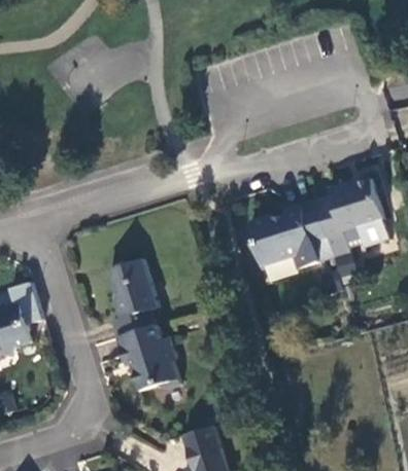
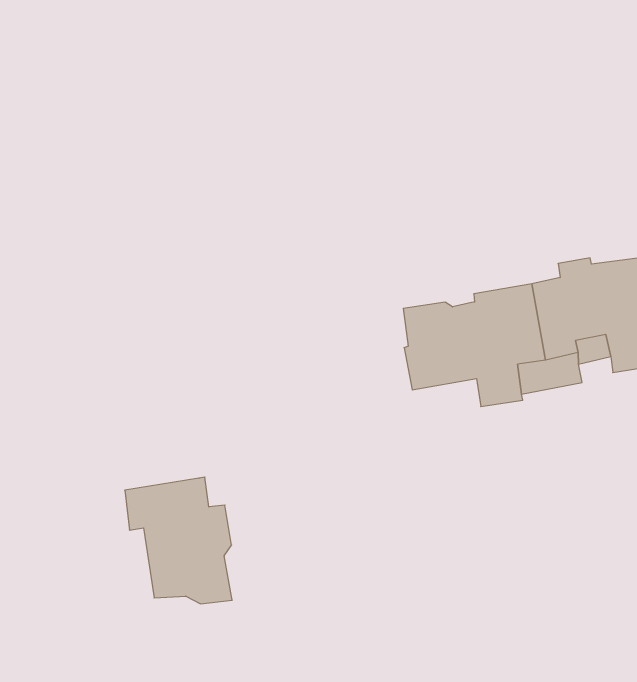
building: [109,259,159,336] -> none

